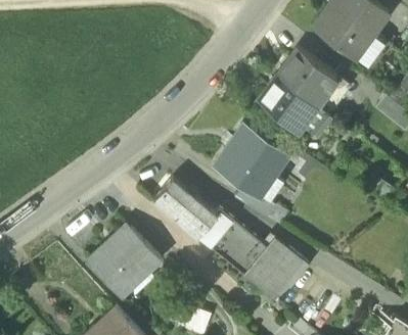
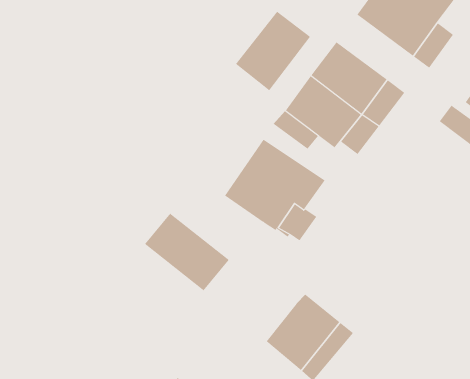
building: none -> [235,11,311,91]
building: [233,184,274,214] -> none
building: [196,207,266,274] -> none
building: [87,226,161,295] -> none

